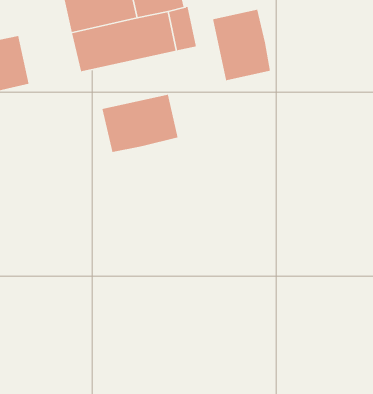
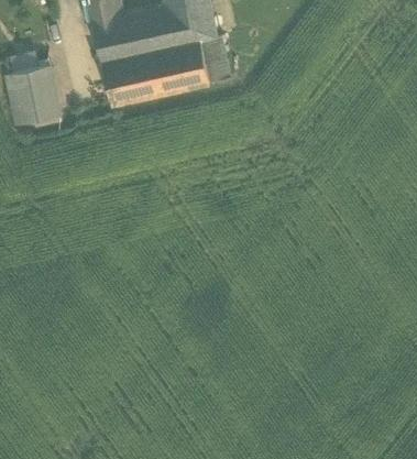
building: [212,9,271,81] -> none
building: [102,94,179,153] -> none

